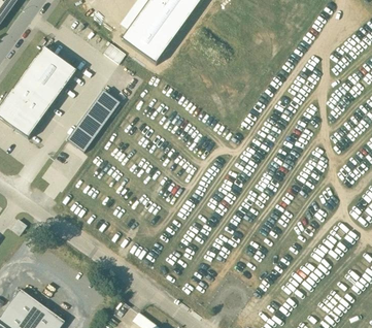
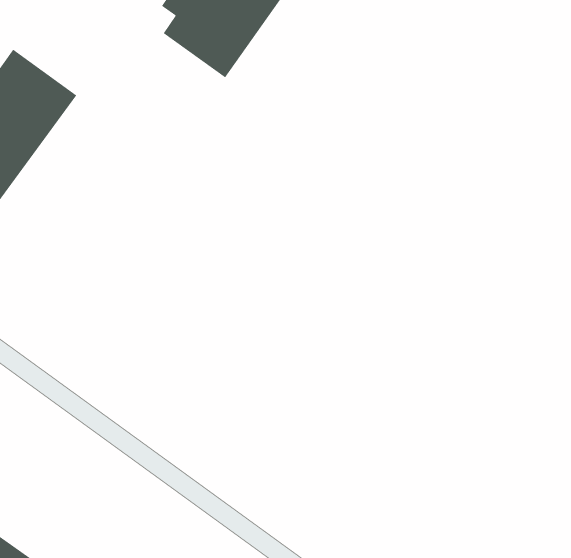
building: [66,88,120,150] -> none

